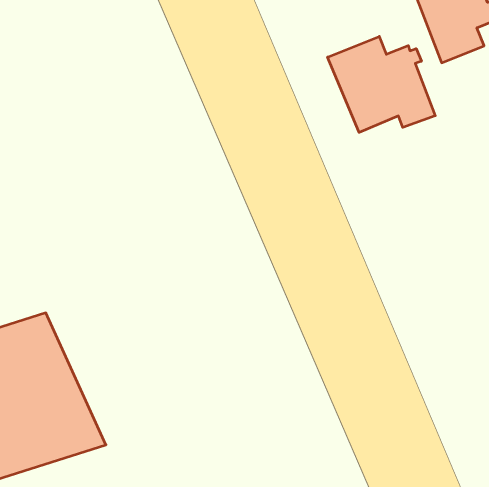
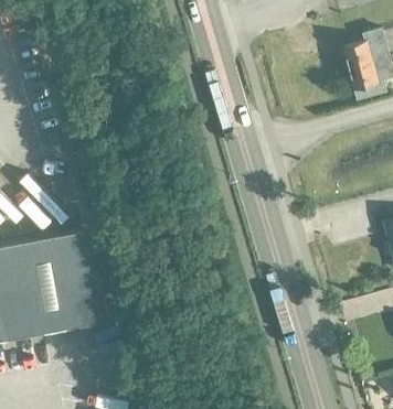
building: [328,36,435,132] -> none

